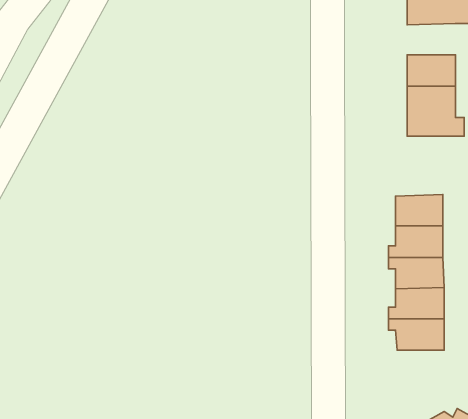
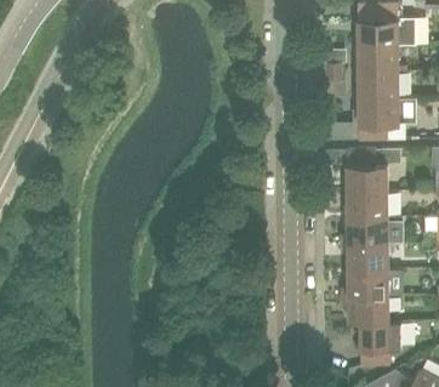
building: none -> [357,44,398,70]
building: none -> [346,148,401,190]
building: none -> [360,320,400,364]

